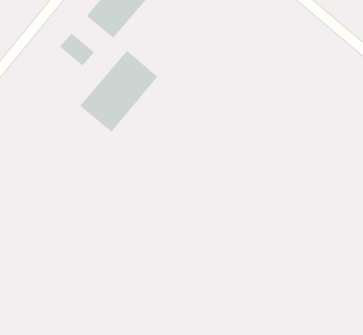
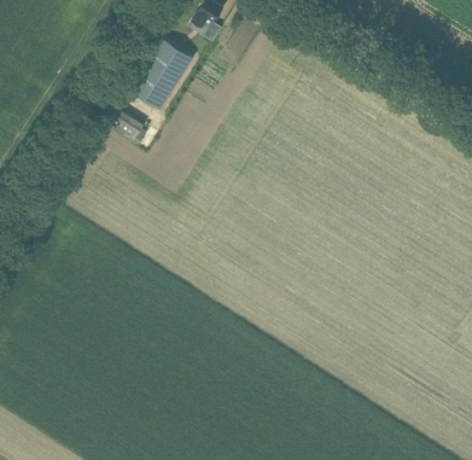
building: [79,50,158,133] -> none

